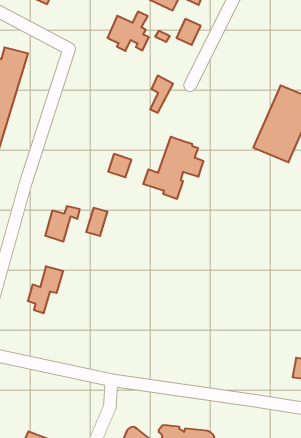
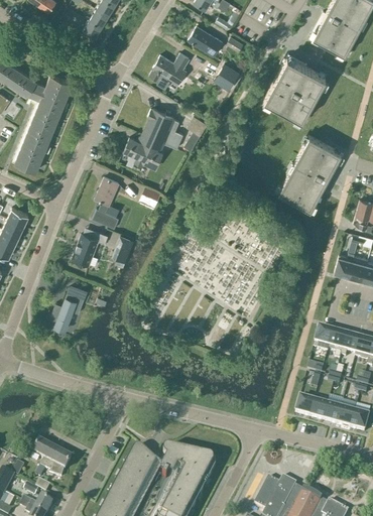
building: none -> [264,56,326,120]
building: [143,137,204,199] -> [124,109,183,168]
building: none -> [91,177,119,229]

